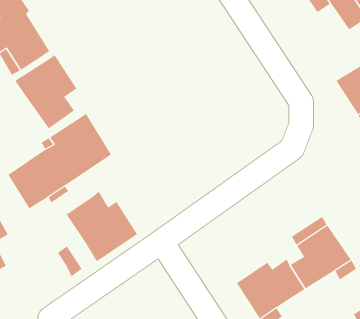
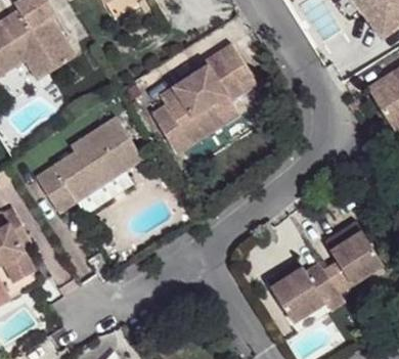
building: none -> [153,42,258,151]
building: [15,55,77,129] -> none
building: [66,191,138,262] -> none

